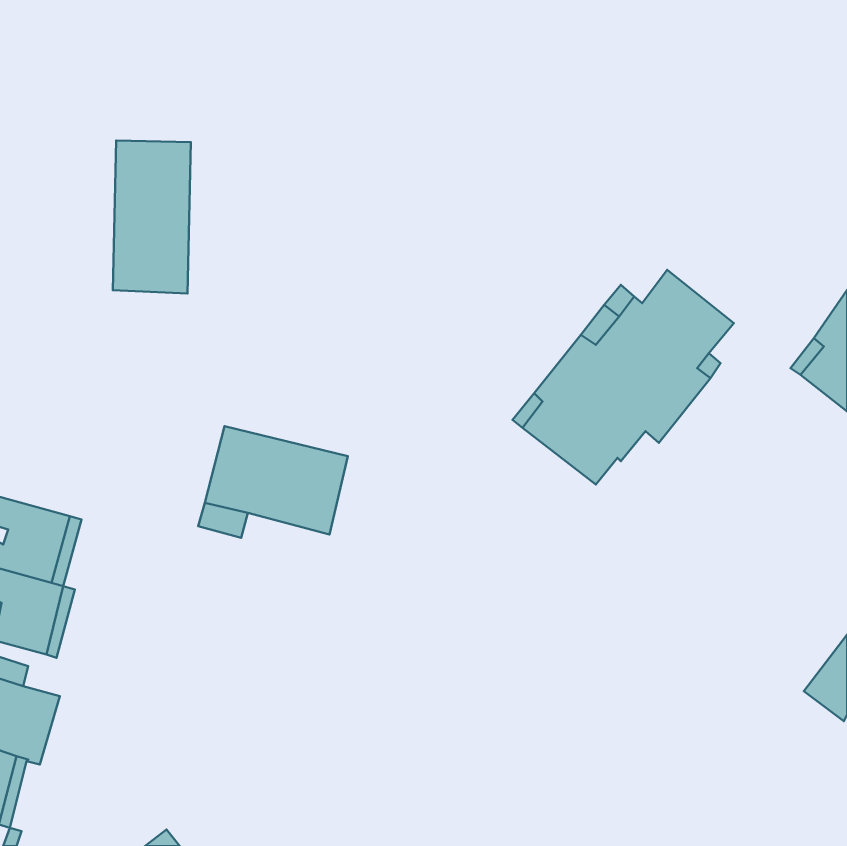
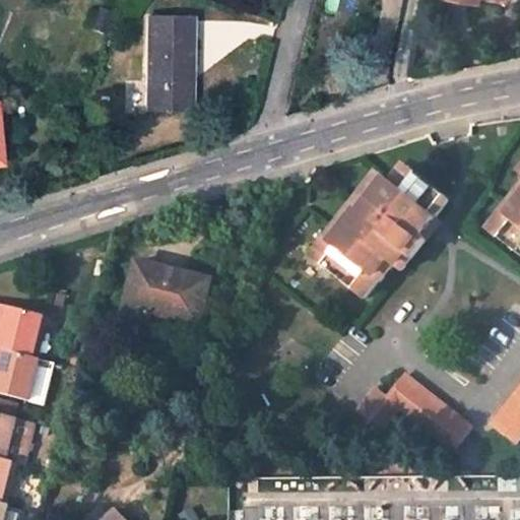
building: [113,140,191,294] -> [143,14,191,108]
building: none -> [359,372,471,448]

